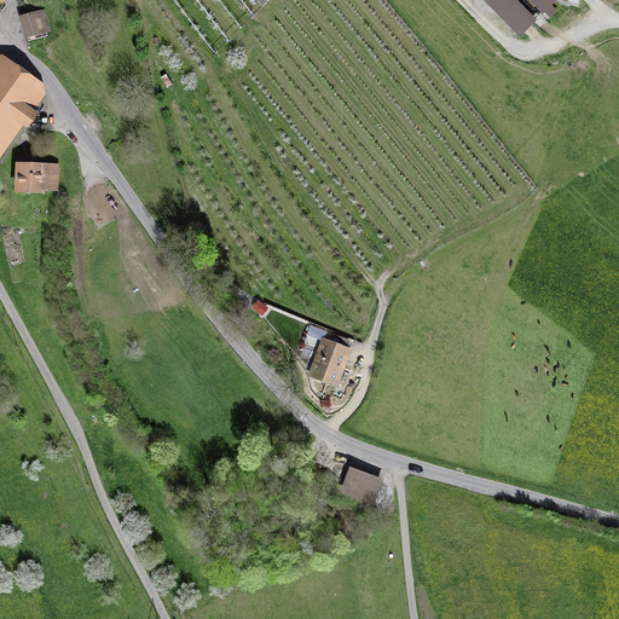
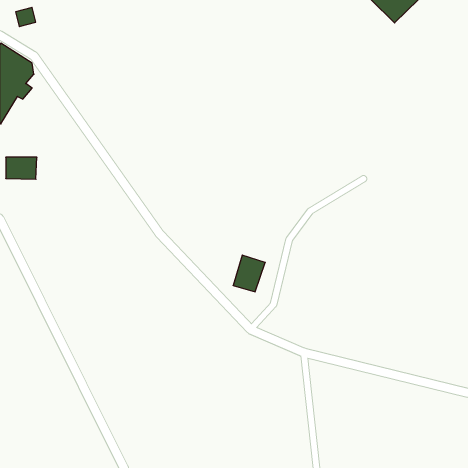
building: [17,163,58,192] -> [6,157,37,179]
building: [340,468,380,502] -> none

